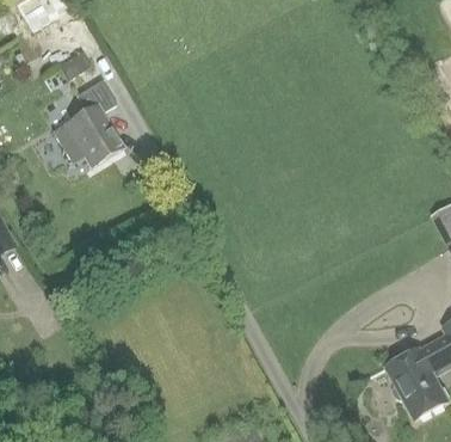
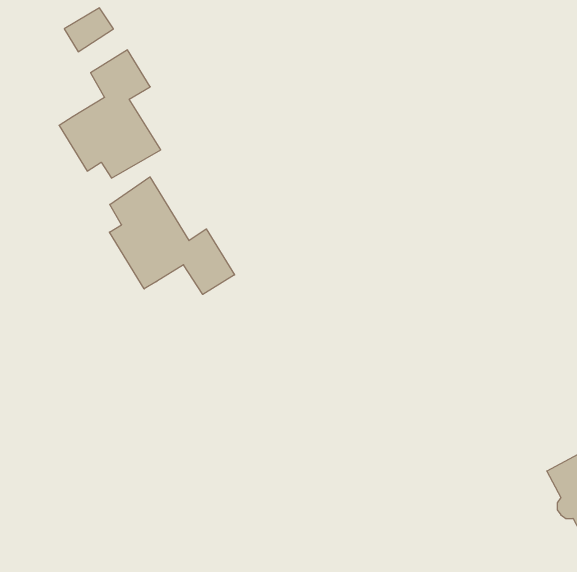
building: none -> [109,177,235,294]

